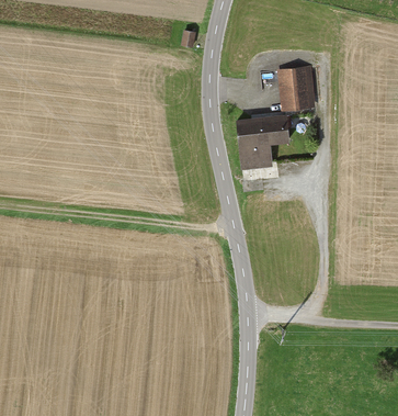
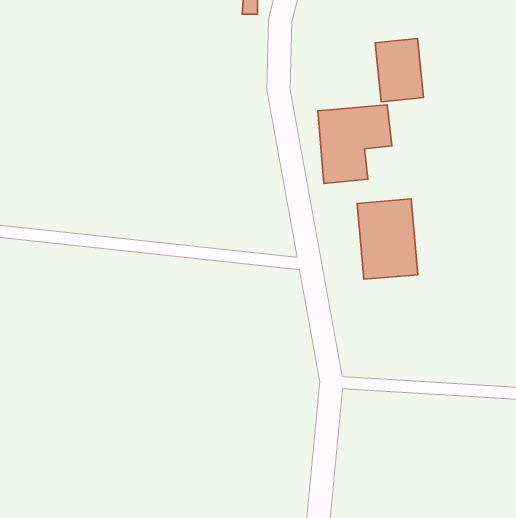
building: none -> [357,199,418,279]

